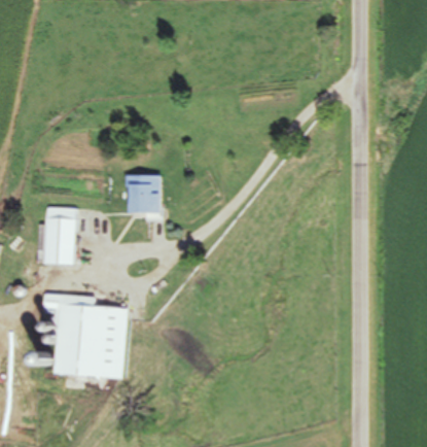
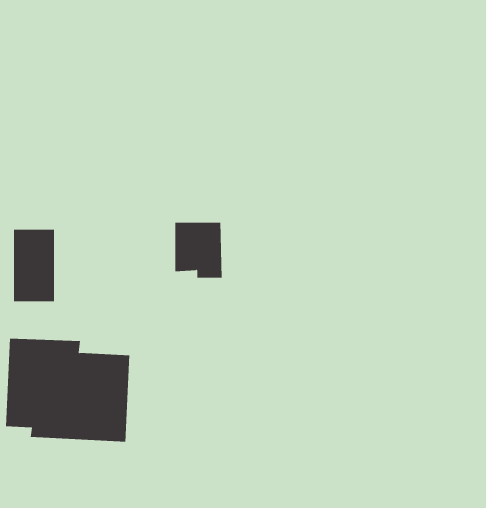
building: [123,175,162,219] -> [174,222,222,278]

